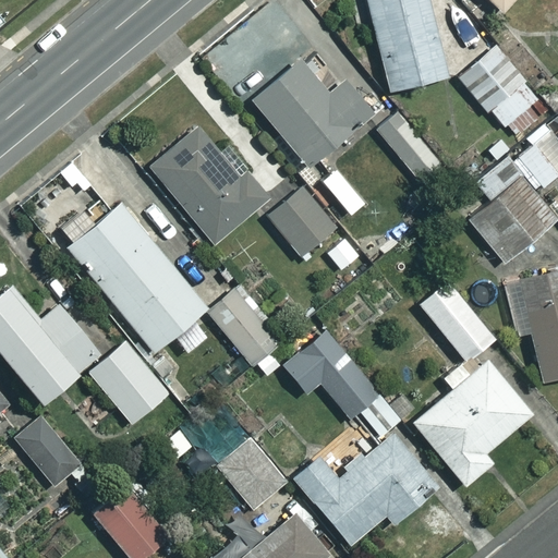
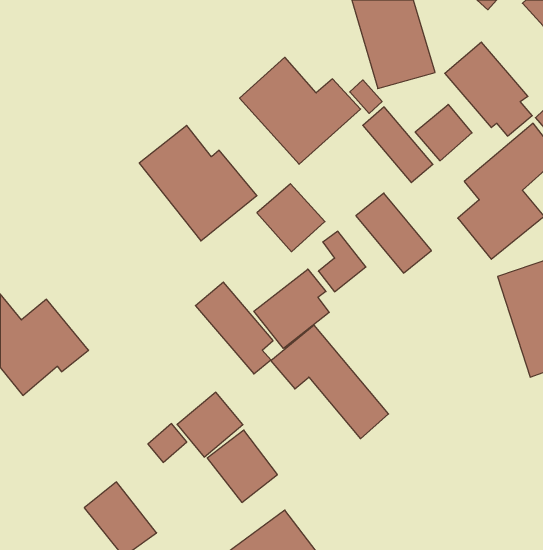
building: none -> [415,104,472,161]
building: [65,204,227,356] -> none
building: none -> [254,269,329,348]
building: [418,281,495,362] -> [356,193,431,273]
building: [88,342,170,425] -> none
building: [411,359,532,486] -> none
building: [16,421,88,498] -> none
building: [292,433,437,545] -> none

